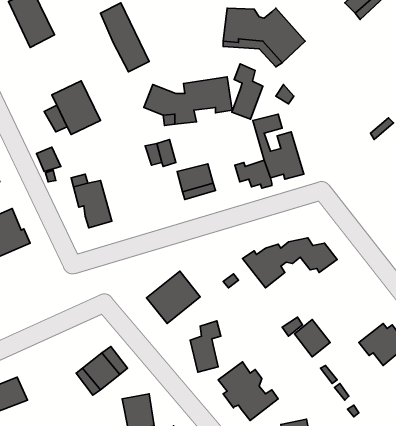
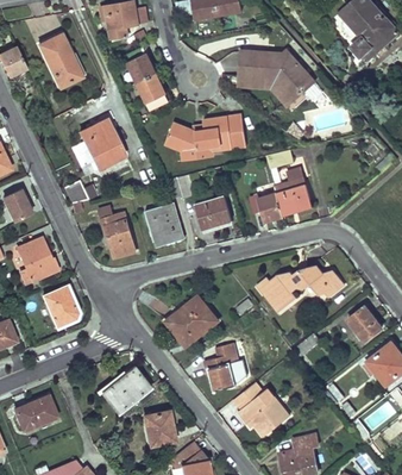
building: [232,64,263,119] -> none
building: none -> [145,202,184,248]
building: none -> [44,286,78,326]
building: [294,320,330,357] -> [348,306,382,340]

